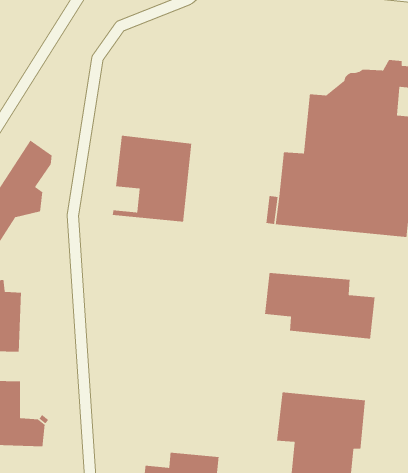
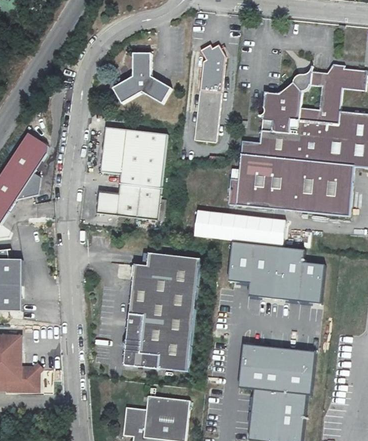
building: none -> [195,43,225,141]
building: none -> [113,52,171,103]
building: none -> [97,195,159,218]
building: none -> [192,210,281,244]
building: none -> [124,252,198,370]

